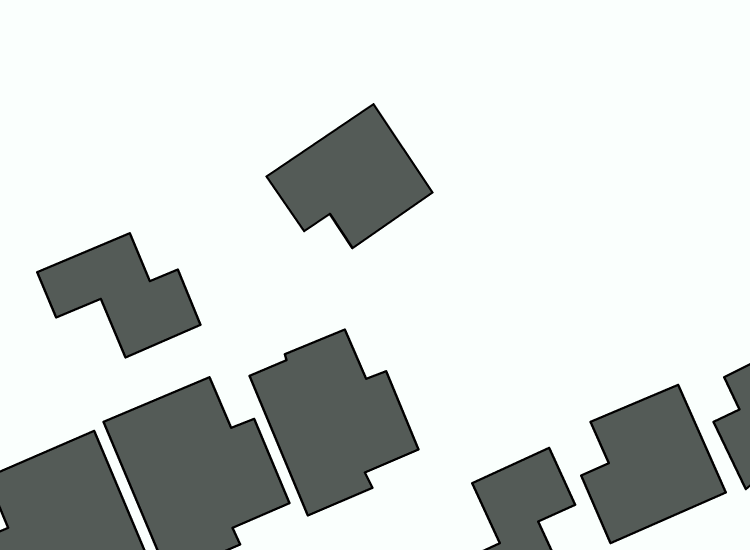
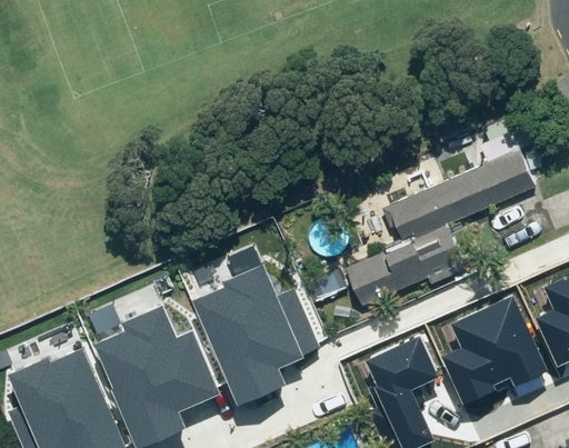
building: [266,104,433,248] -> none
building: none -> [345,133,535,307]
building: [37,233,201,357] -> none

